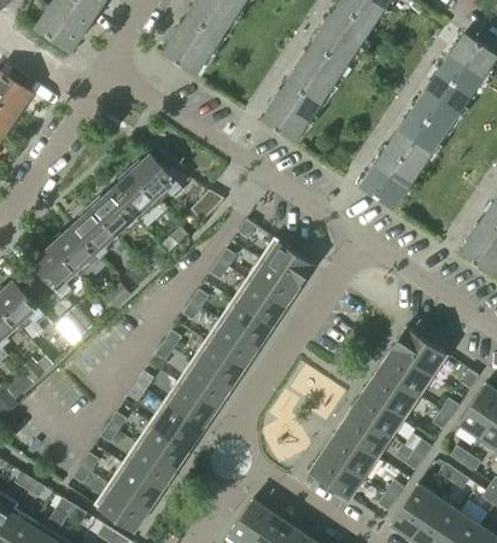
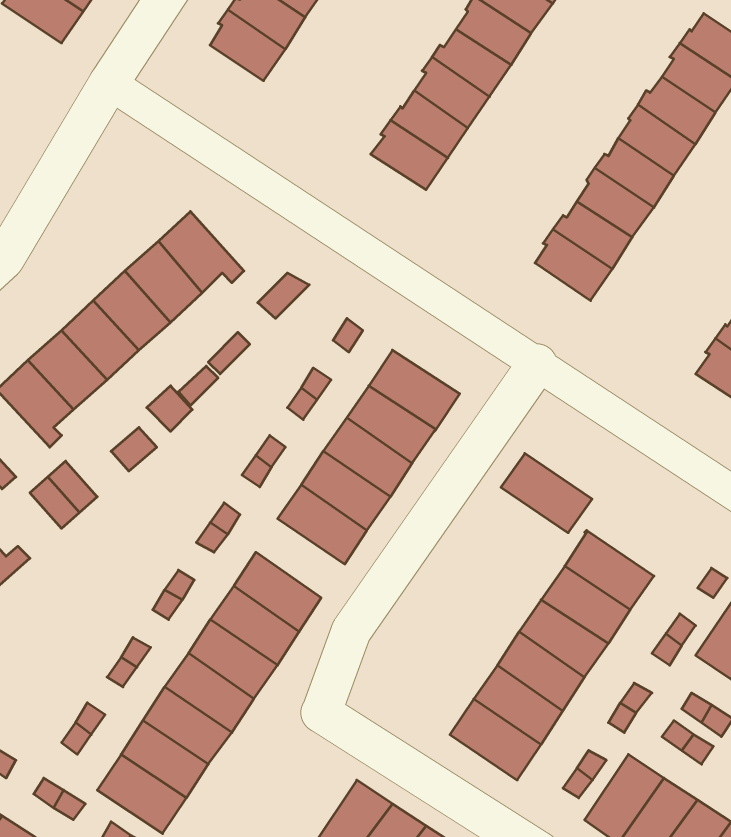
building: [392,327,448,375] -> [501,453,592,533]
building: [191,340,245,389] -> none

